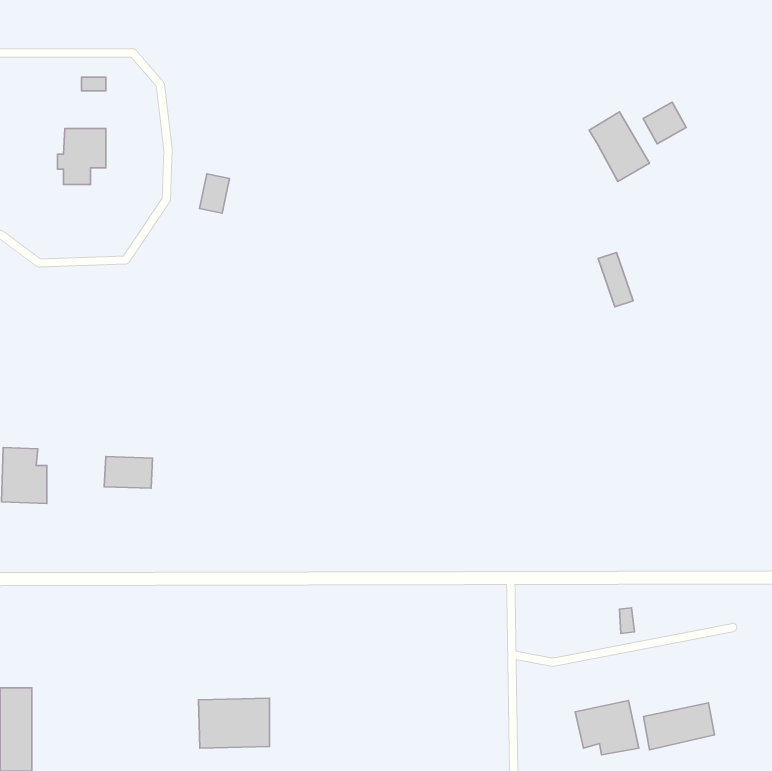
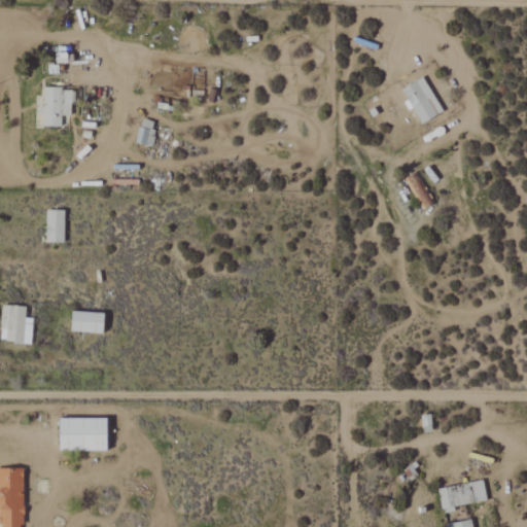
building: [643,102,686,144] -> none
building: none -> [45,209,64,242]
building: [198,698,269,748] -> [59,417,107,451]
building: [575,701,639,755] -> none

